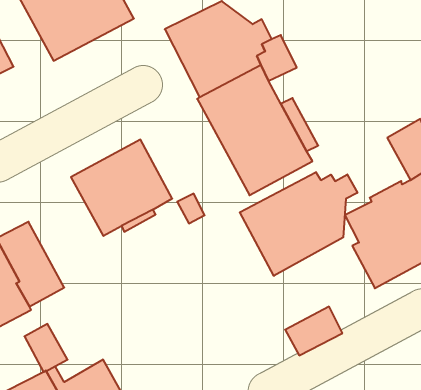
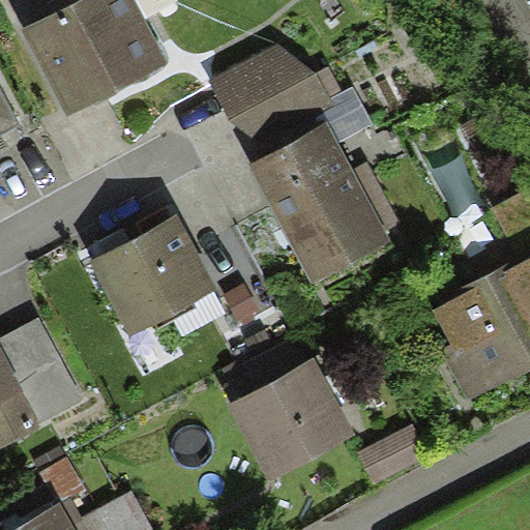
building: [240,172,357,276] -> none
building: none -> [228,359,353,479]

